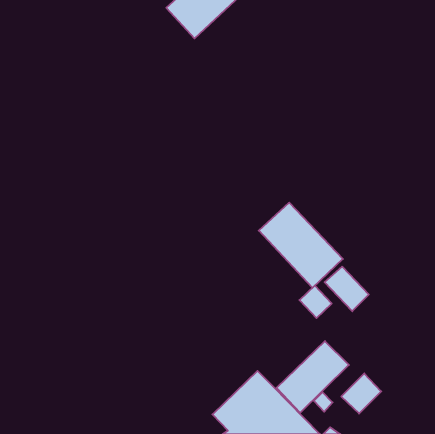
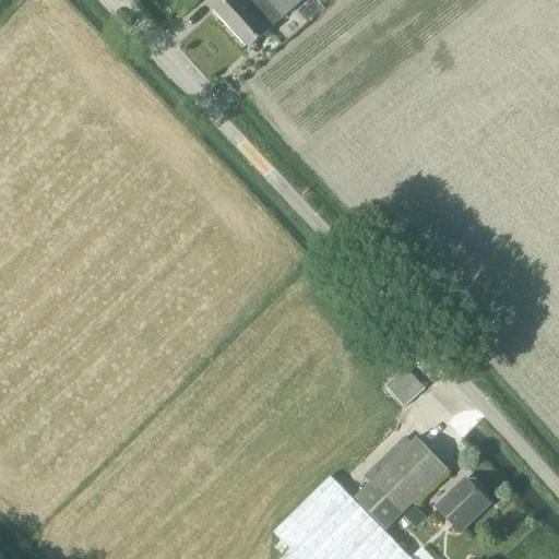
building: [259,203,343,288] -> none
building: [325,267,369,311] -> none

